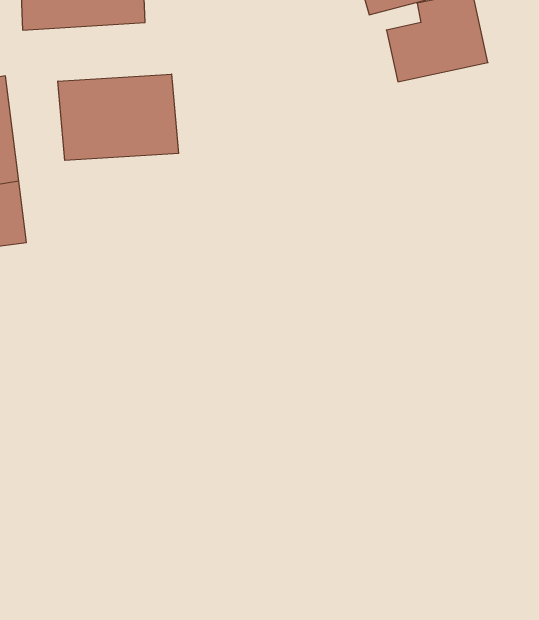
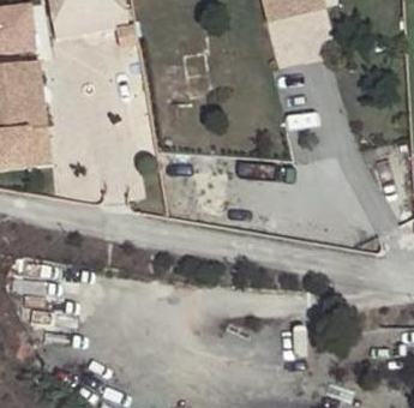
building: [58,74,179,160] -> none

